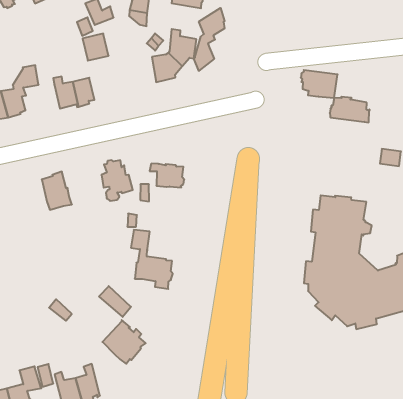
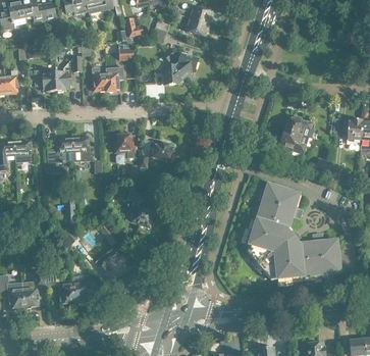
building: [194,8,225,71] -> none
building: [301,70,338,98] -> [281,130,308,153]
building: none -> [48,138,74,168]

